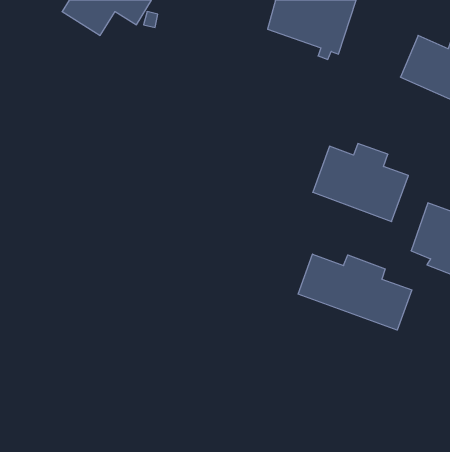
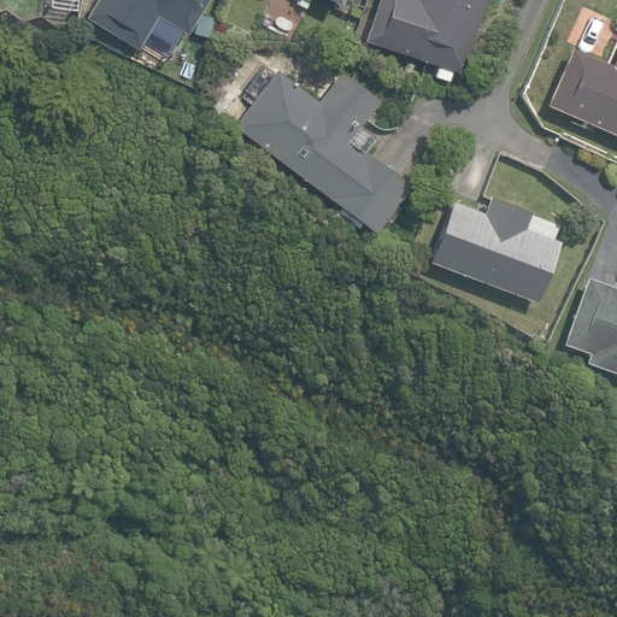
building: none -> [236,70,413,234]
building: [298,254,412,330] -> none

